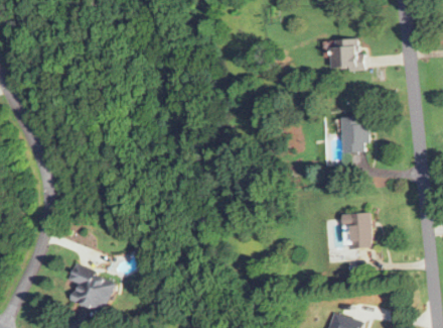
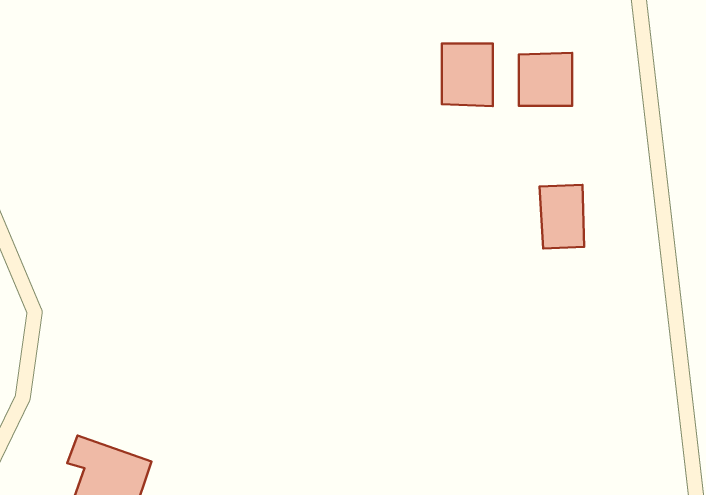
building: none -> [442,43,493,106]
building: [342,212,373,248] -> none

